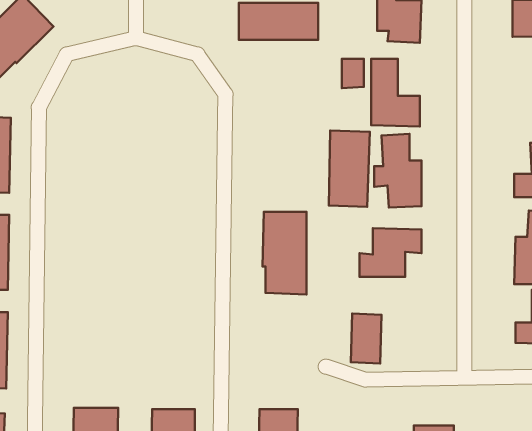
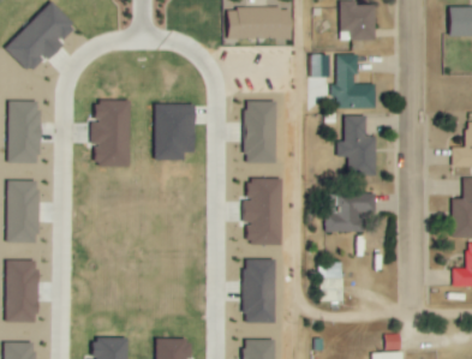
building: none -> [91,101,130,167]
building: none -> [155,104,195,161]
building: [329,130,370,207] -> [244,101,277,163]
building: none -> [244,261,276,323]

